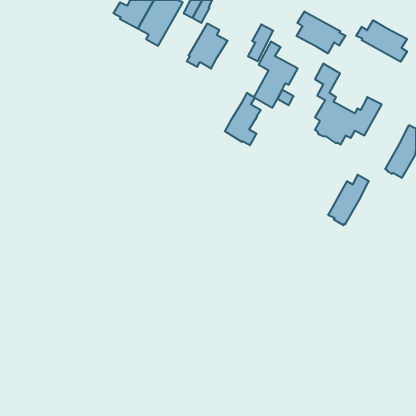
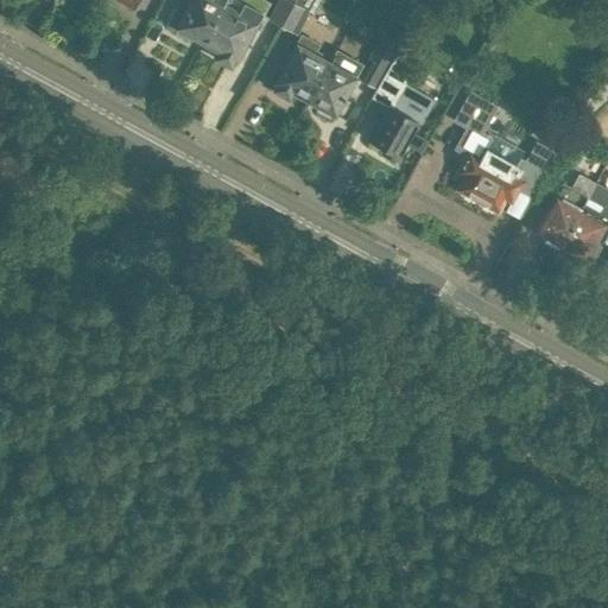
building: [297,11,345,53] -> none
building: [356,20,407,62] -> none
building: [225,93,261,145] -> [308,45,360,121]
building: [328,175,369,225] -> [536,175,595,248]

